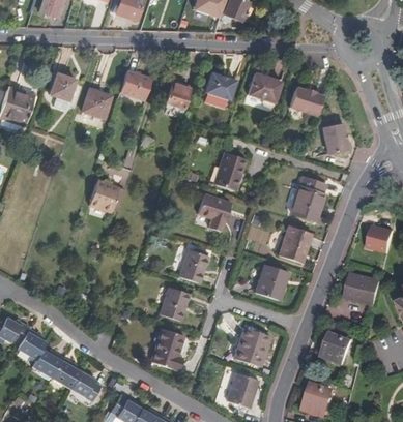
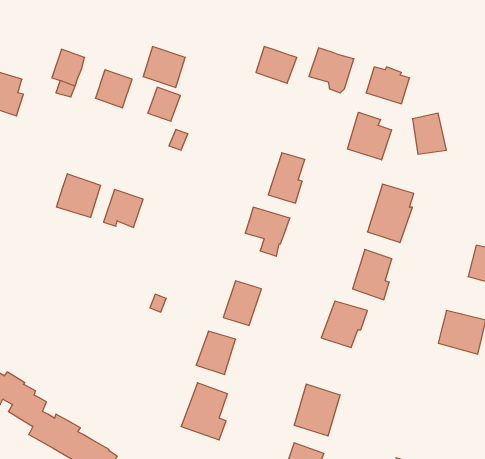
building: [164,83,189,109] -> [148,87,180,121]
building: none -> [347,112,392,160]
building: none -> [56,174,101,217]
building: [320,334,350,364] -> none

